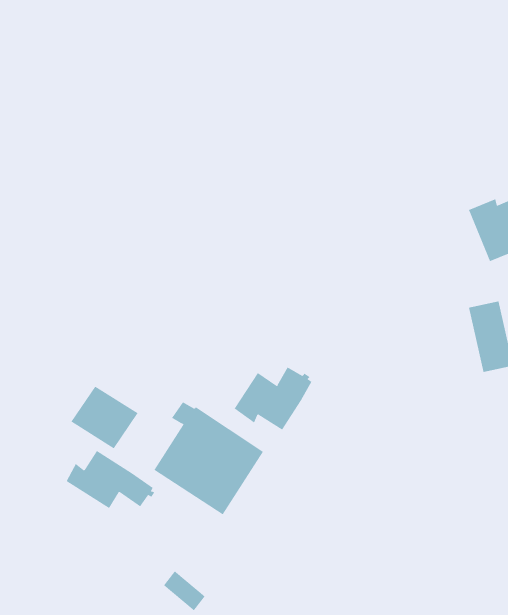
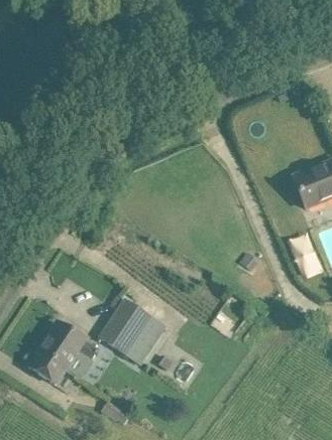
building: [234,366,312,431] -> none
building: [70,386,139,449] -> [28,343,71,383]

